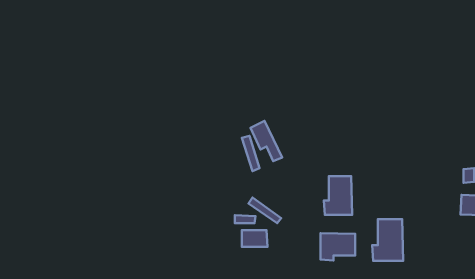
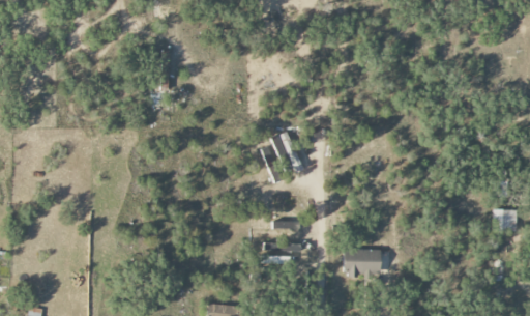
building: [324,176,352,215] -> none
building: [372,219,403,261] -> none

